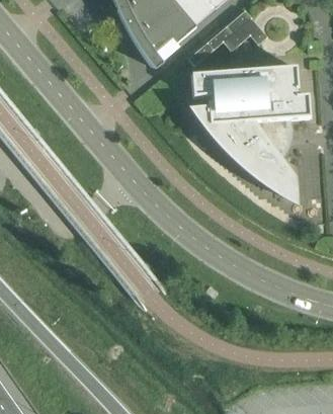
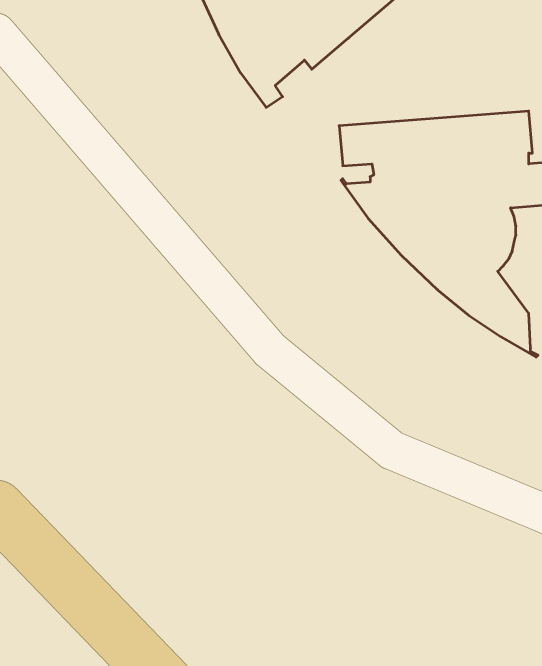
building: [188,10,268,66] -> none

